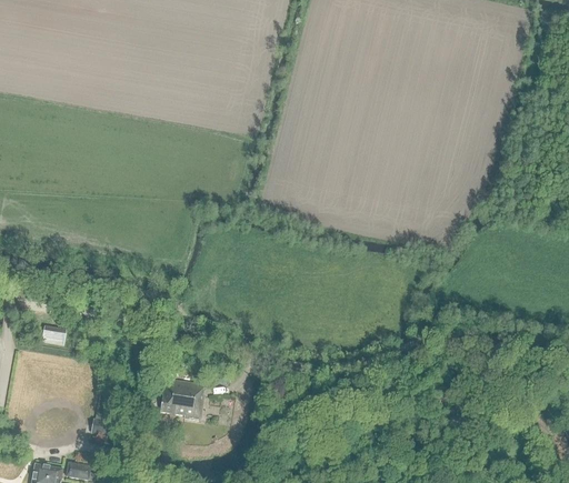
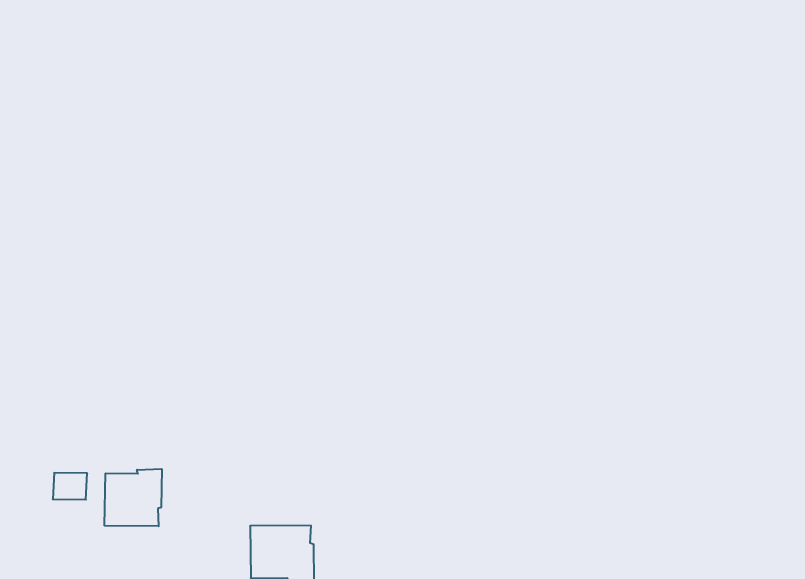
building: none -> [105,469,162,526]

